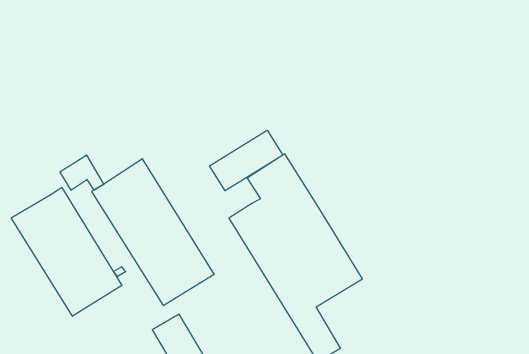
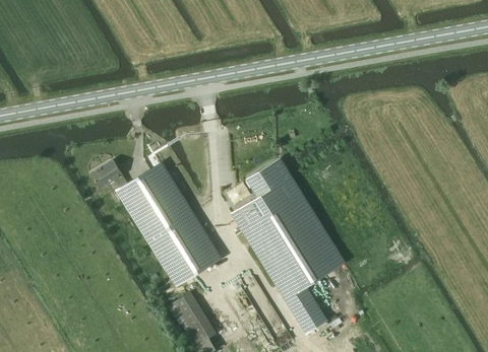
building: [210,130,283,191] -> none
building: [11,187,122,316] -> none

